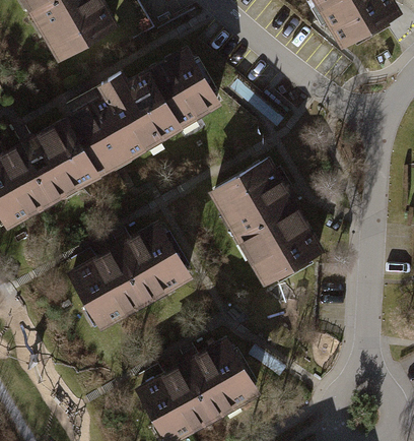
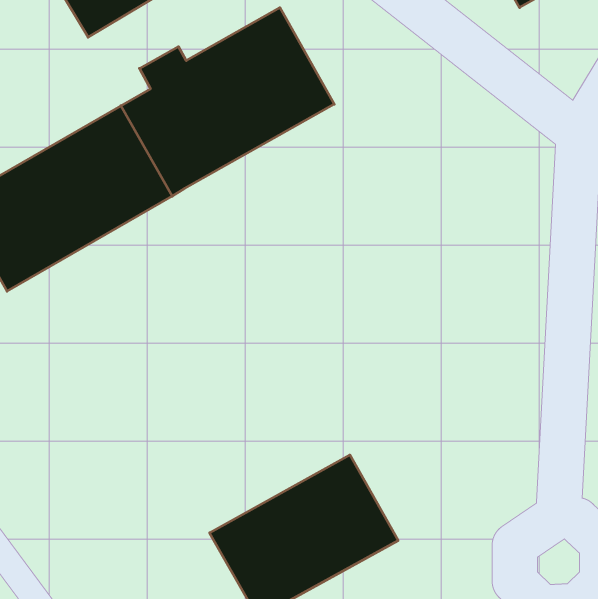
building: [208,153,326,281] -> none
building: [65,218,191,328] -> none

